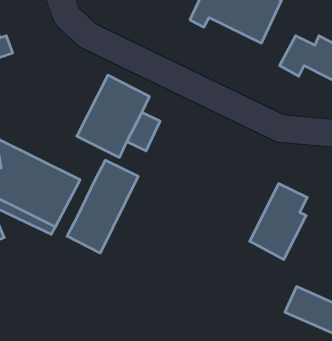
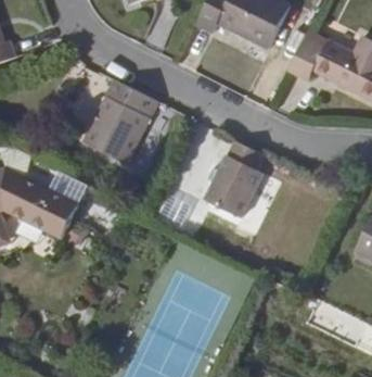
building: [67,160,138,253] -> none
building: [250,184,307,259] -> [206,141,265,218]

